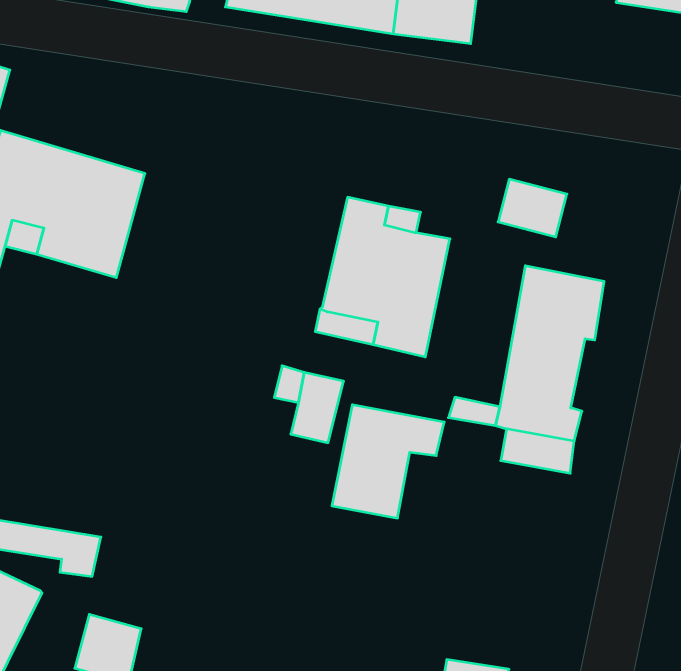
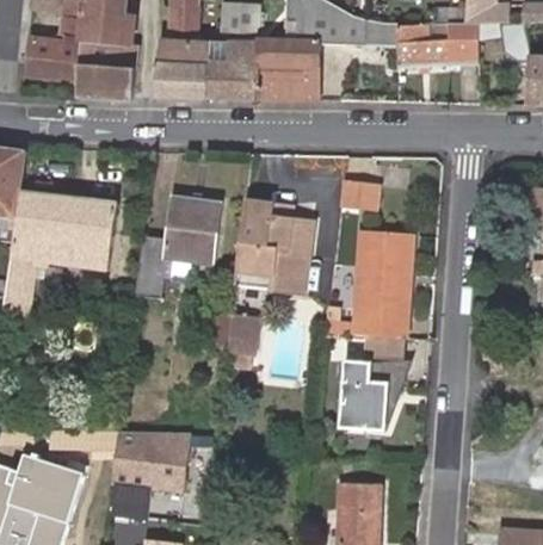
building: none -> [136,193,223,297]
building: [332,405,444,518] -> [343,360,406,427]
building: none -> [117,440,187,487]

